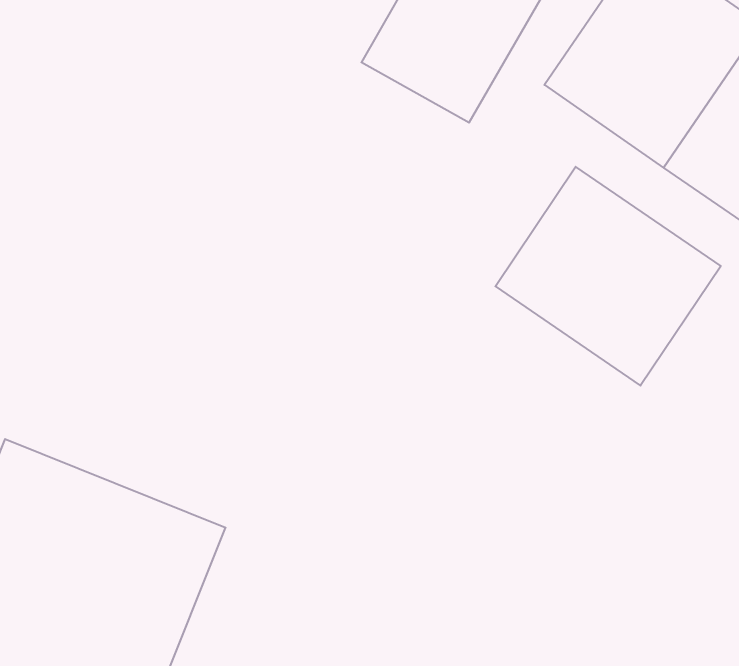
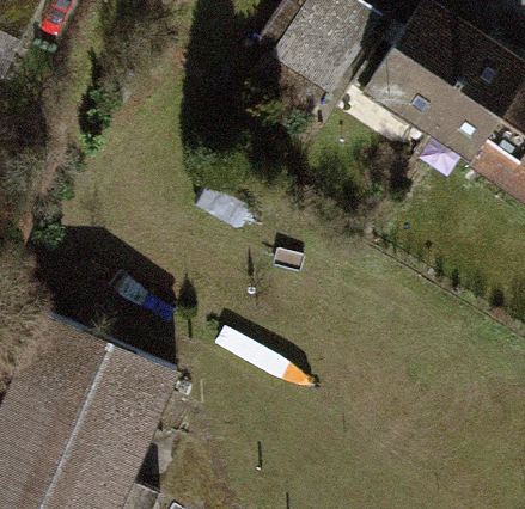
building: [495,167,721,386] -> none

